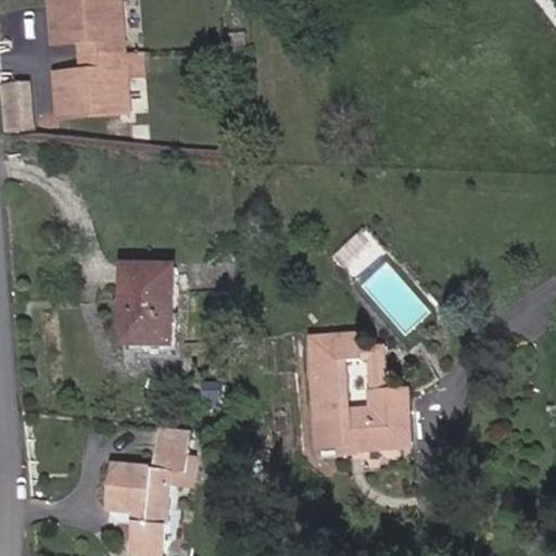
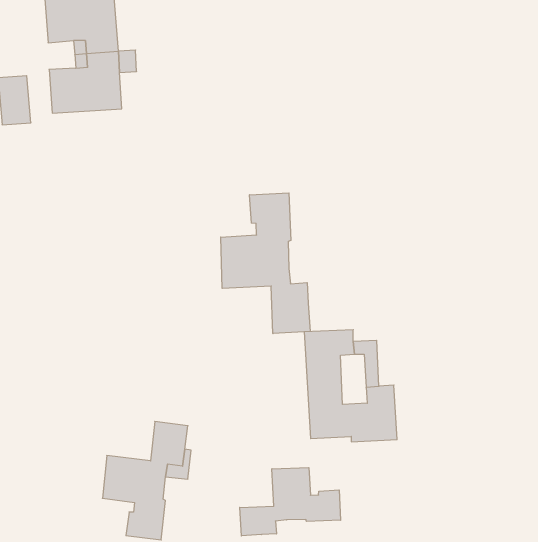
building: none -> [221,193,310,334]
building: [117,264,173,345] -> none
building: none -> [240,468,341,536]

